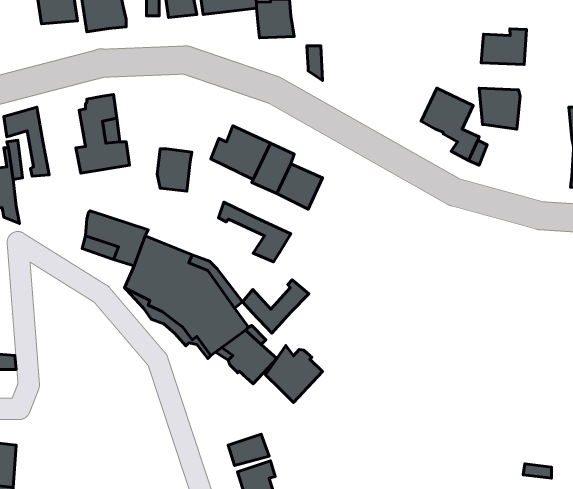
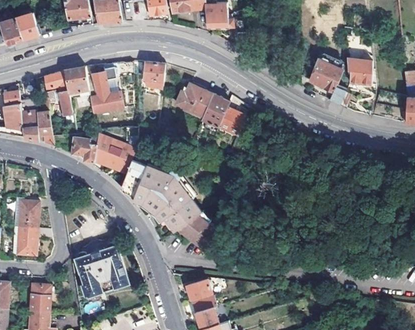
building: [481,29,526,65] -> none
building: none -> [64,67,88,94]
building: [157,149,192,191] -> [143,62,165,89]
building: [218,202,291,262] -> none
building: none -> [72,136,96,164]
building: [242,280,309,333] -> none
building: [265,346,322,402] -> none
building: none -> [75,244,128,297]

